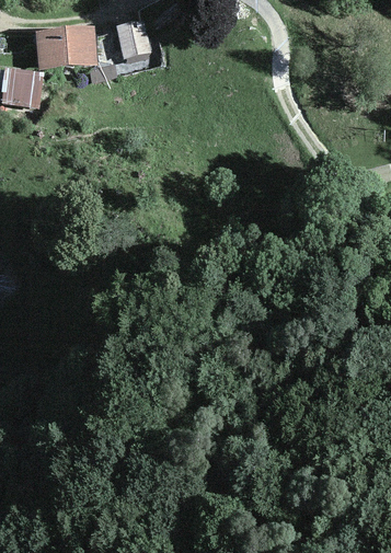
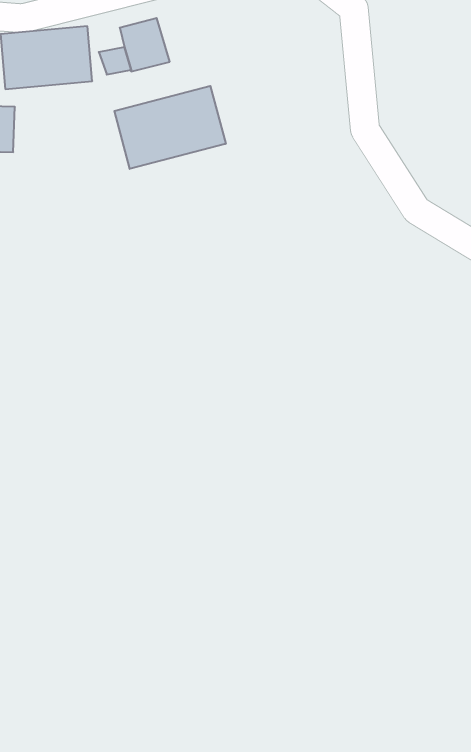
building: none -> [114,86,226,169]

